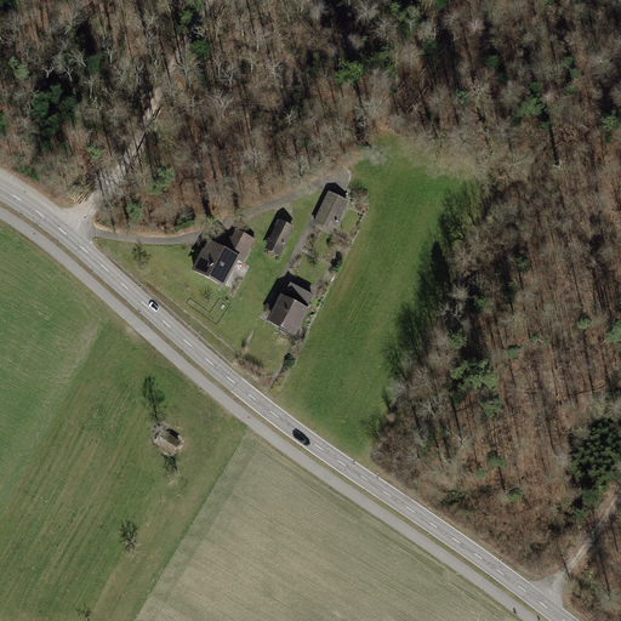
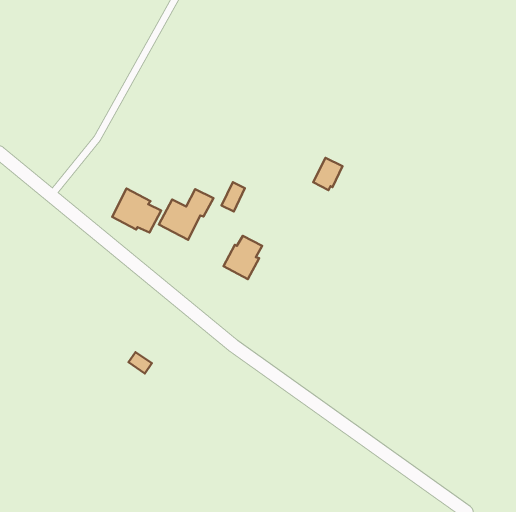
building: [314,190,349,229] -> [313,158,343,190]
building: none -> [112,189,161,233]

